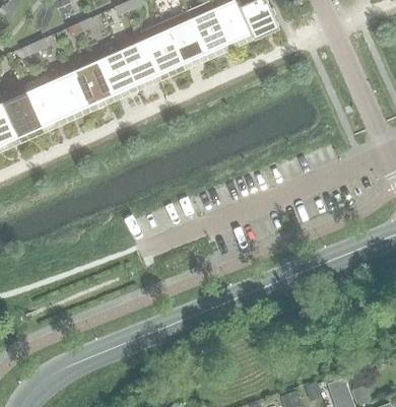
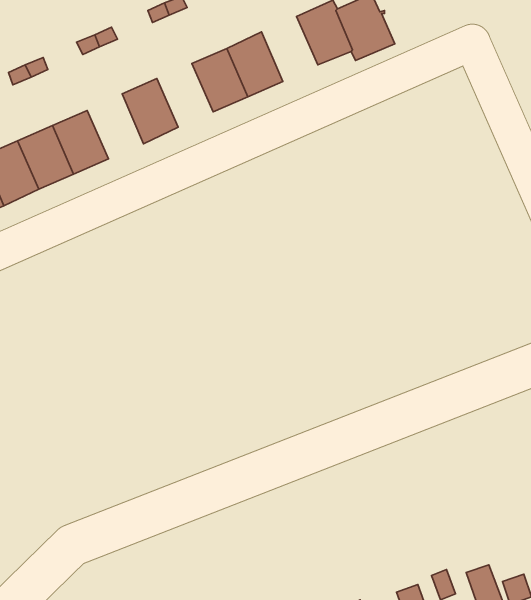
building: [190,11,227,55] -> none
building: [120,43,157,85] -> none
building: [73,63,111,107] -> none

